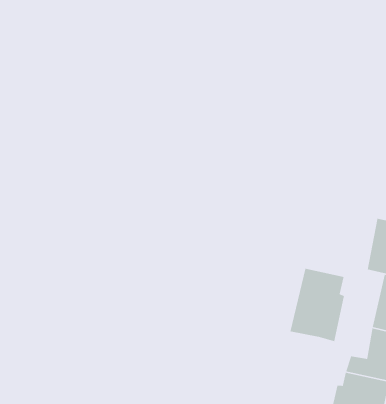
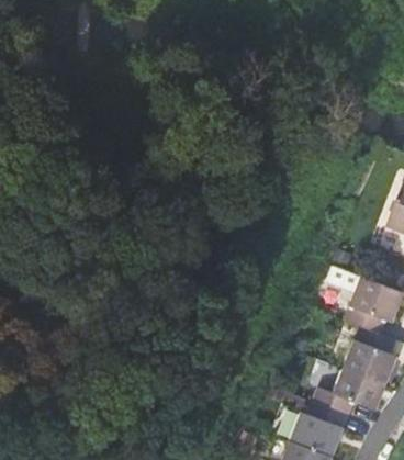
building: [289,268,345,342] -> none

